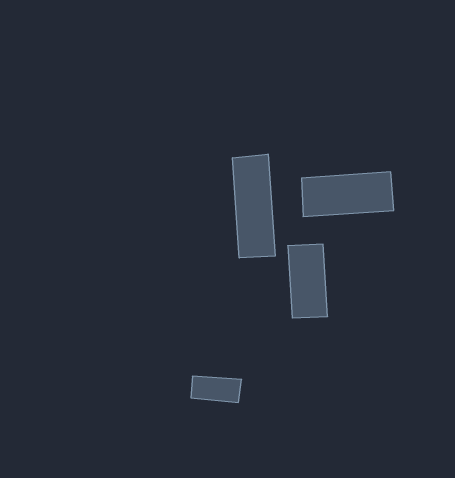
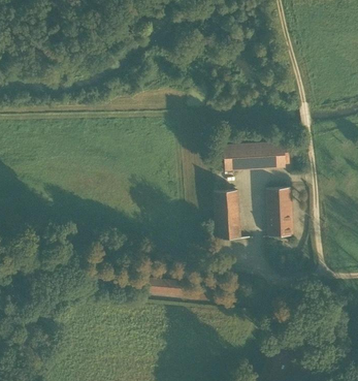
building: [233,154,275,258] -> none
building: none -> [269,187,295,236]

